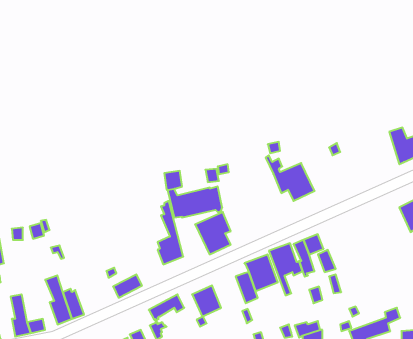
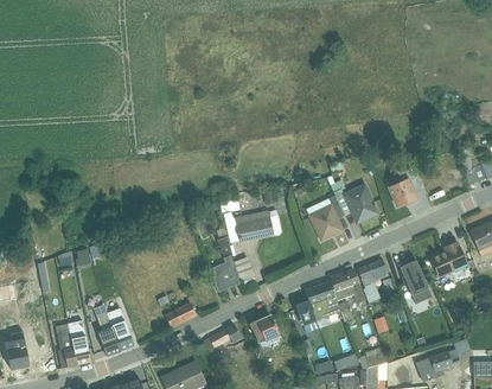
building: none -> [388,178,418,206]
building: [195,212,231,254] -> [306,196,344,241]
building: none -> [430,242,472,282]
building: none -> [398,260,433,305]

